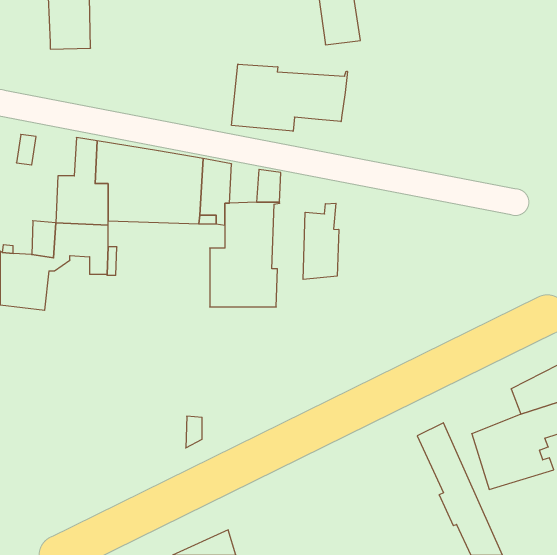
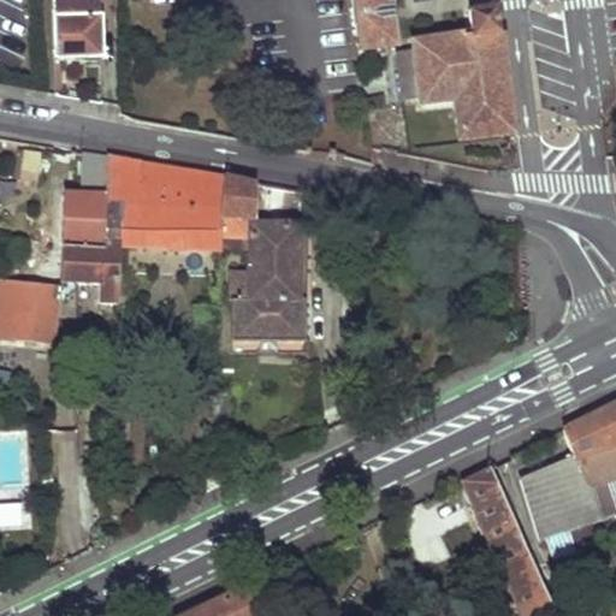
building: none -> [397,6,511,135]
building: [232,64,347,131] -> none
building: [303,203,339,279] -> none

